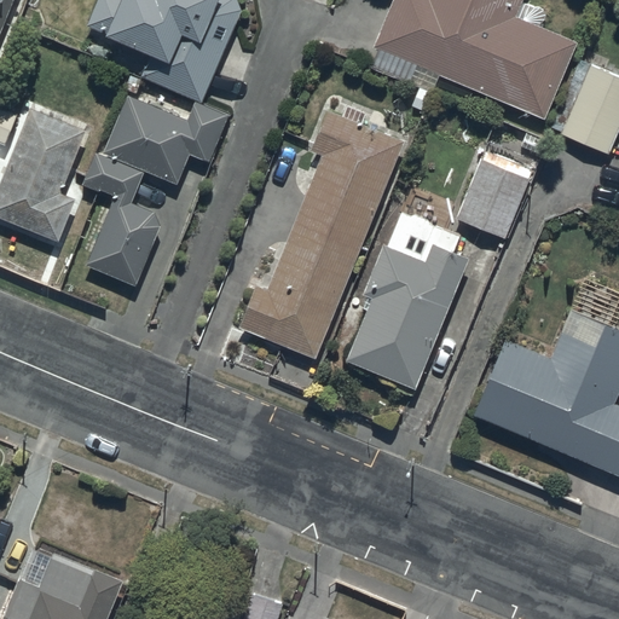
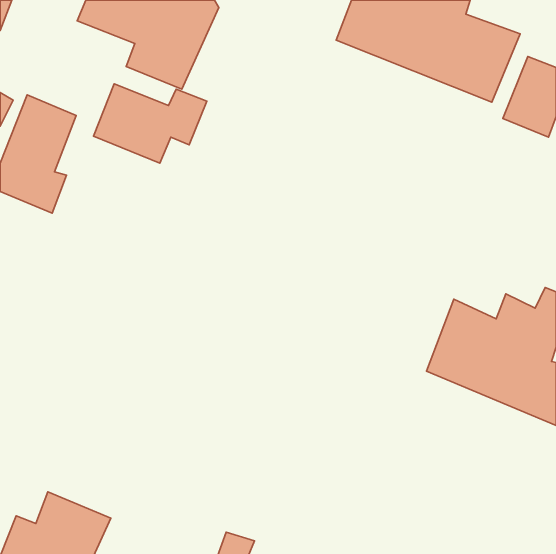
building: [239,112,403,358] -> none
building: [81,151,161,285] -> none
building: [457,161,527,237] -> none
building: [347,244,467,384] -> none

